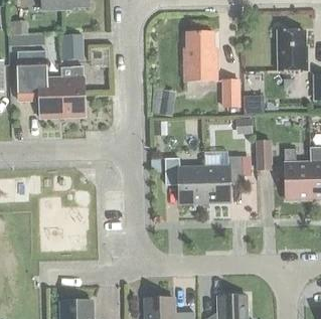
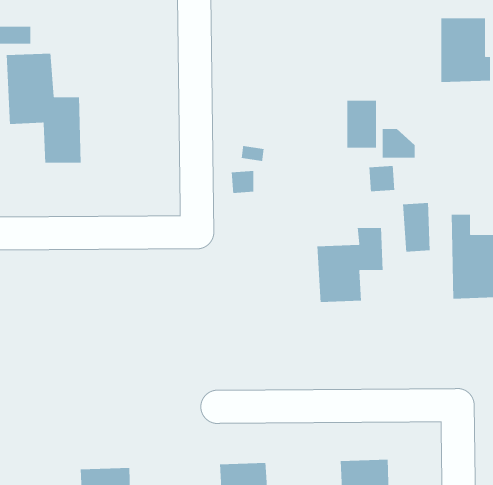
building: [184,31,216,79] -> none
building: [59,35,83,59] -> none
building: [60,66,86,118] -> none
building: [165,157,205,202] -> none

